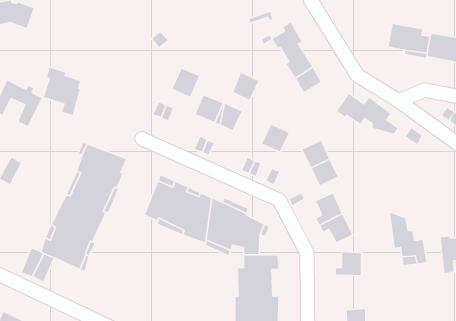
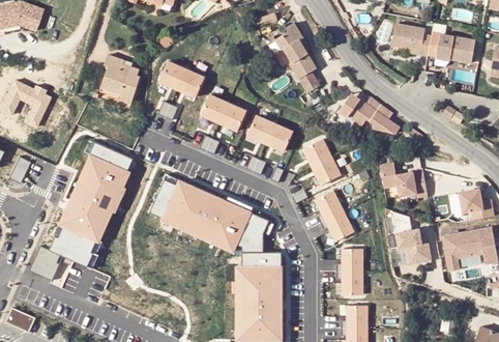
building: none -> [158,60,186,89]
building: [43,67,81,115] -> [101,54,139,102]
building: [232,72,259,101] -> [247,115,274,143]
building: none -> [380,160,427,196]
building: none -> [337,272,363,295]

